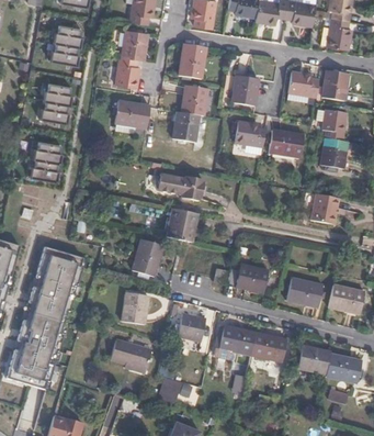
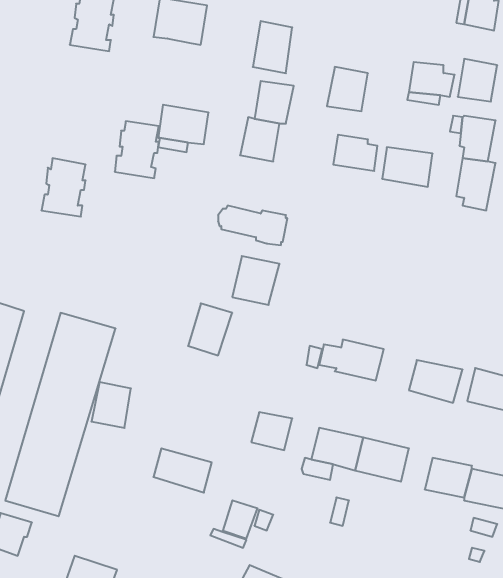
building: [115,55,139,87] -> none
building: [42,81,72,121] -> [115,121,159,178]
building: [313,192,340,223] -> none
building: [122,293,149,325] -> [91,382,131,428]

